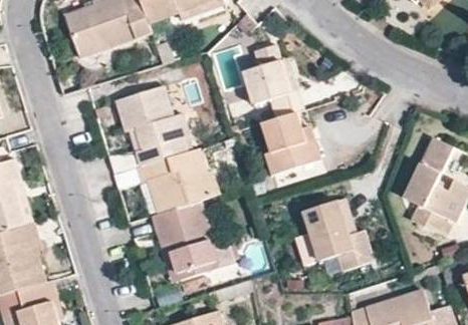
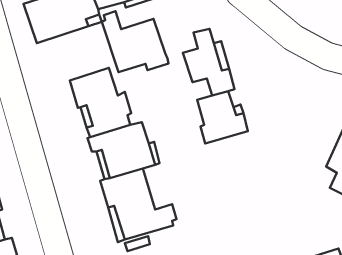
building: none -> [102,11,169,72]
building: [294,200,371,271] -> none

